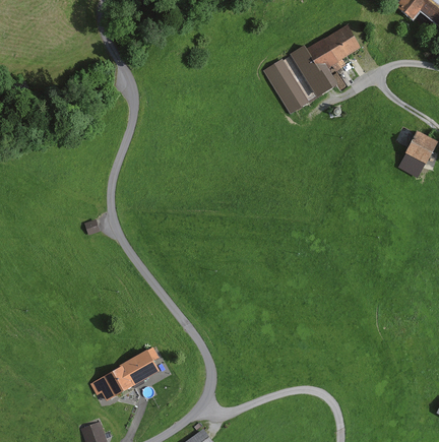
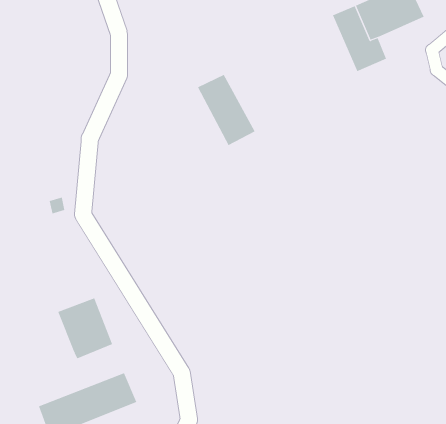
building: [259,59,308,115] -> [197,74,255,146]
building: none -> [58,297,113,359]

